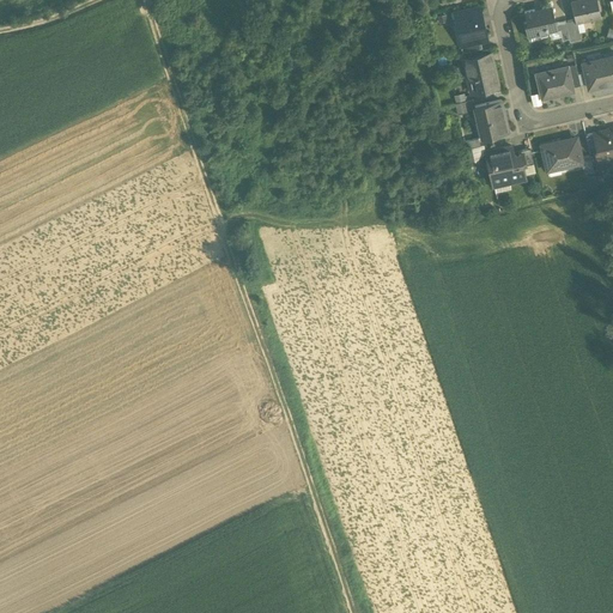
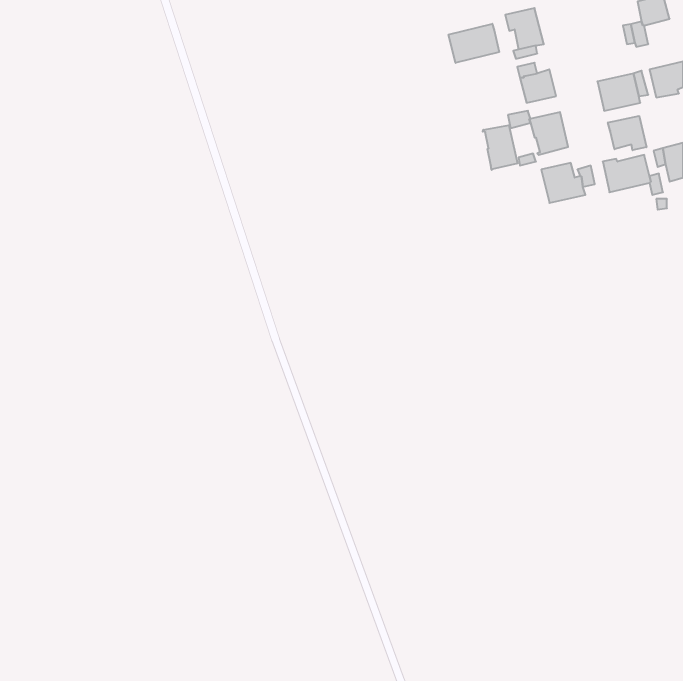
building: [524,6,557,37] -> none
building: none -> [449,24,499,63]
building: none -> [608,116,646,150]
building: none -> [483,125,518,170]

